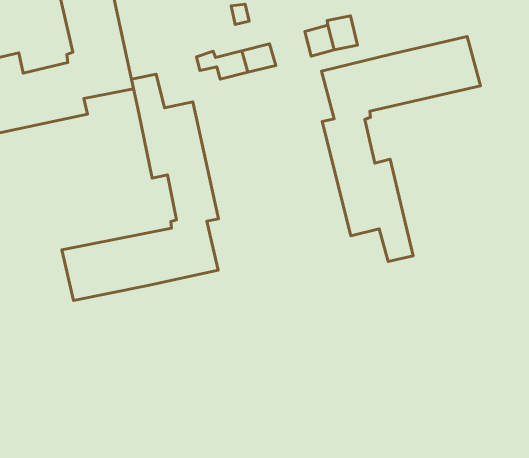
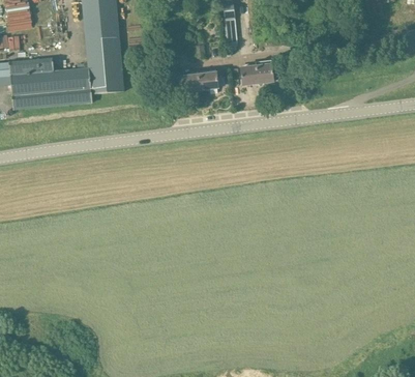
building: [322,37,480,262] -> none
building: [62,74,219,300] -> none

